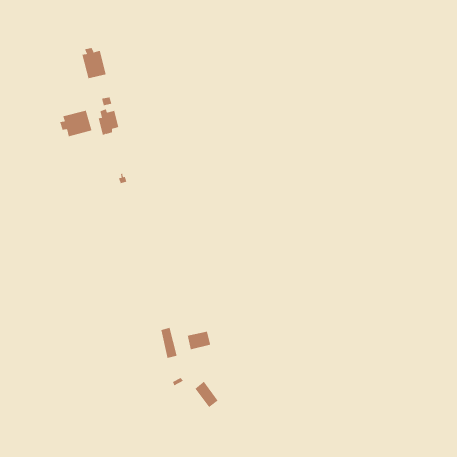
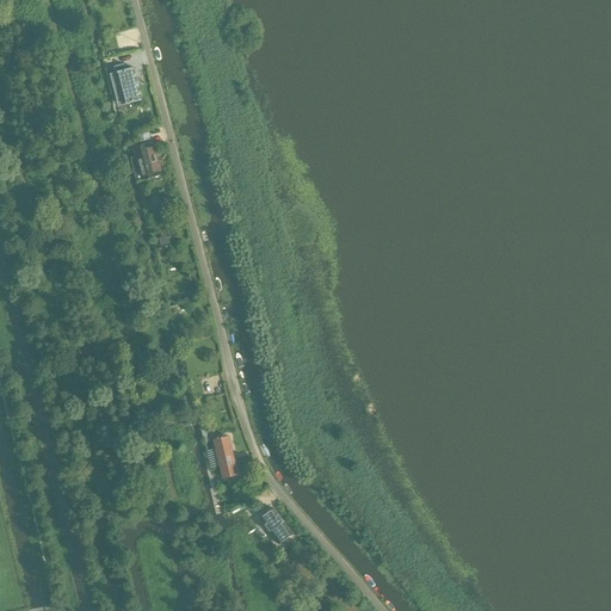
building: [59,110,92,137] -> none
building: [187,331,211,350] -> none

